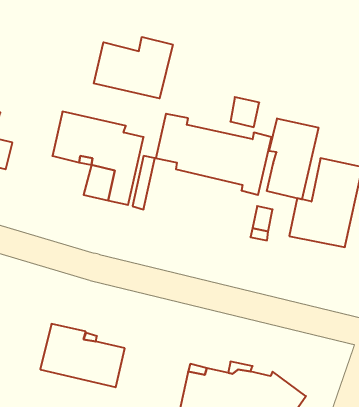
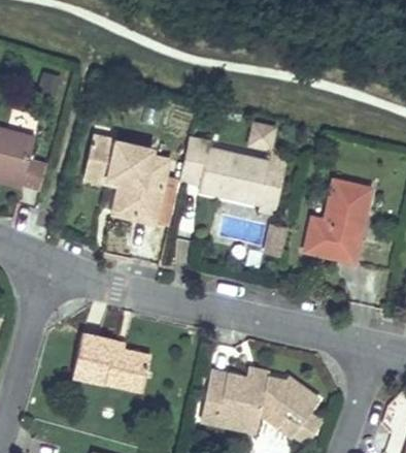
building: [94,37,173,98] -> none
building: [267,118,318,199] -> none

